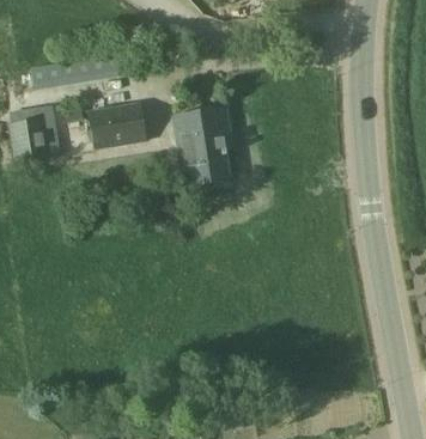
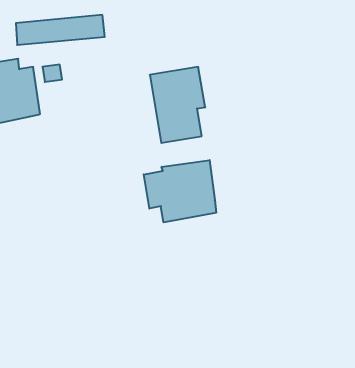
building: [89,104,146,148] -> none
building: none -> [144,160,216,222]

